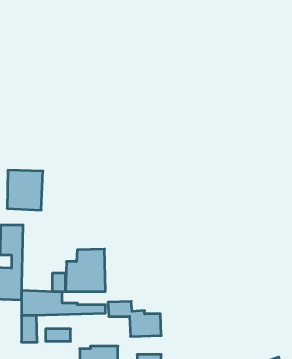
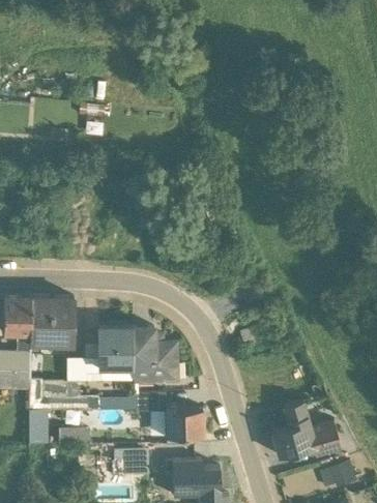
building: [7,170,43,210] -> [30,297,75,347]
building: none -> [133,326,177,380]
building: none -> [272,401,342,456]

